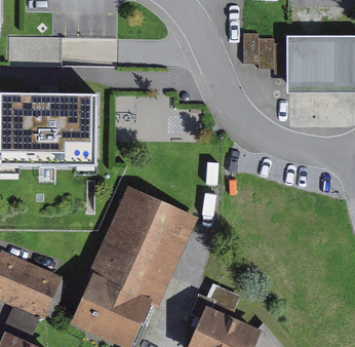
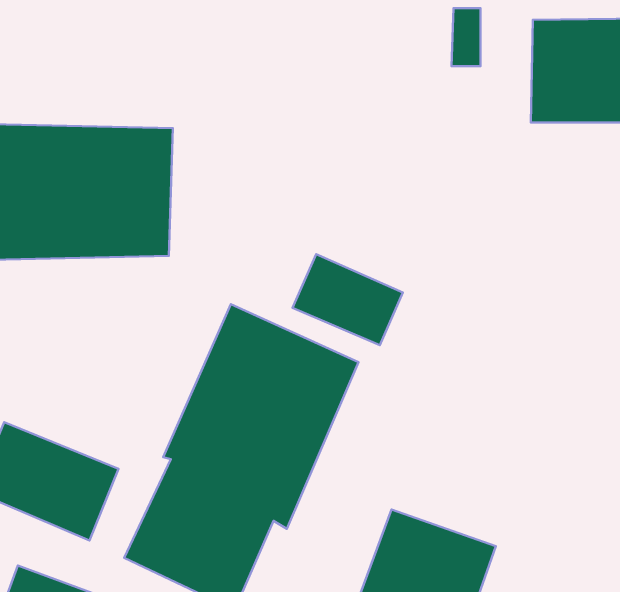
building: none -> [292,254,403,345]

